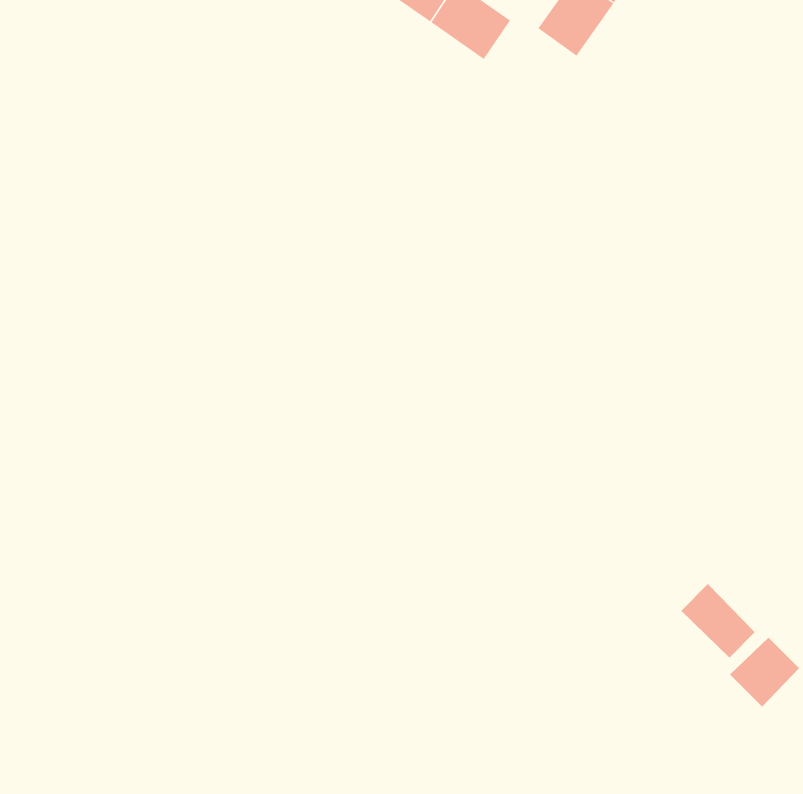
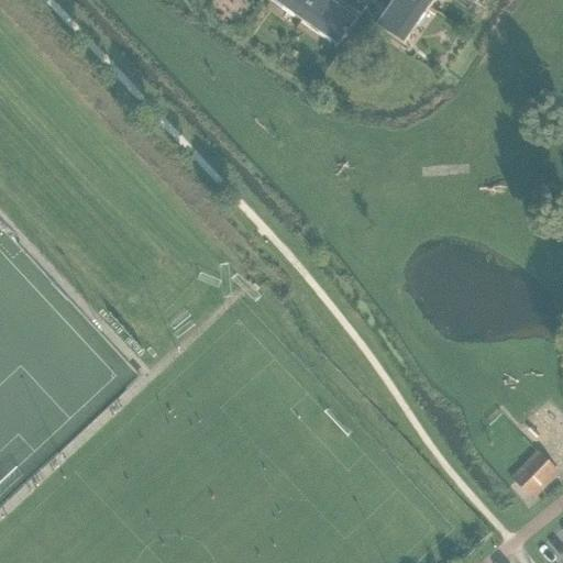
building: [680,583,756,659] -> none

